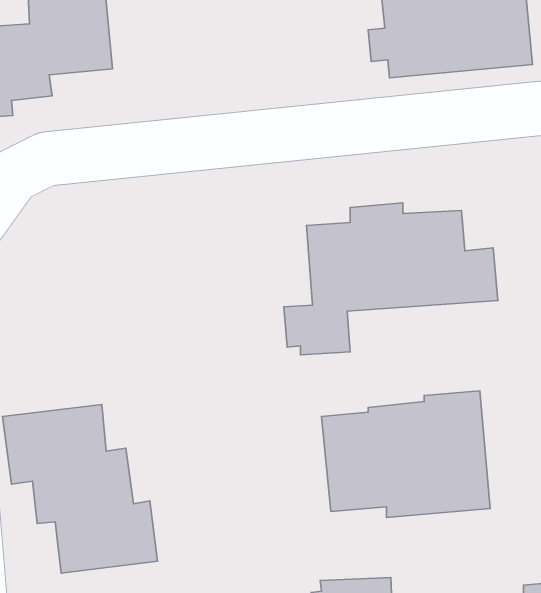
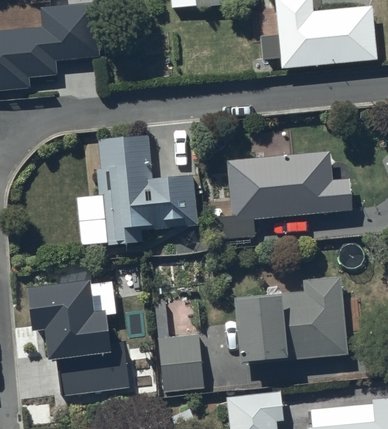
building: none -> [96,132,198,241]
building: none -> [154,303,203,384]

